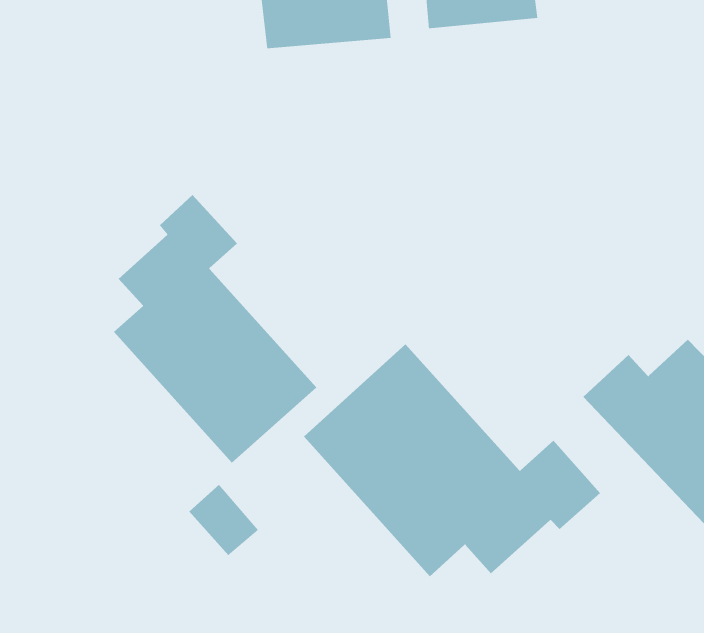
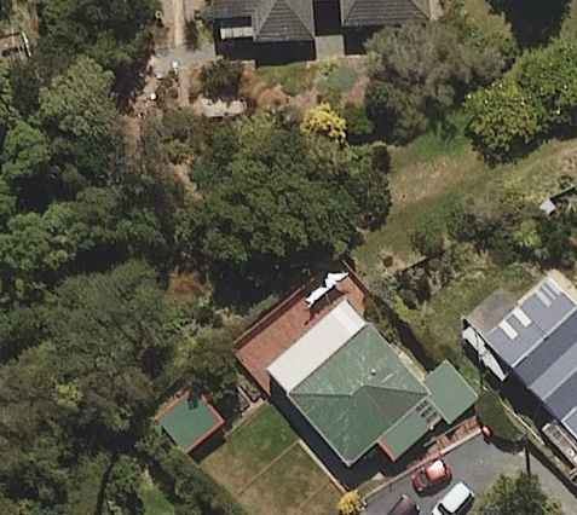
building: [113,194,317,463] -> none

